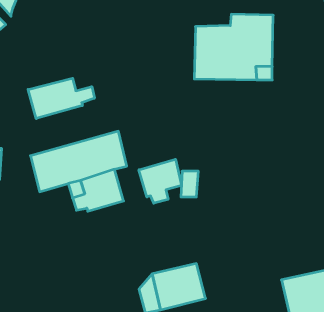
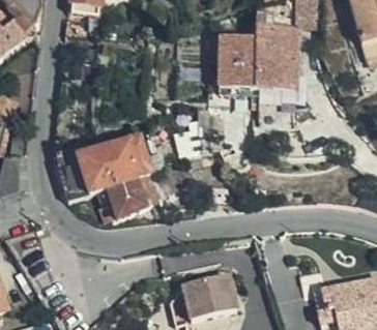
building: [28,78,94,119] -> none
building: [139,159,181,203] -> none

